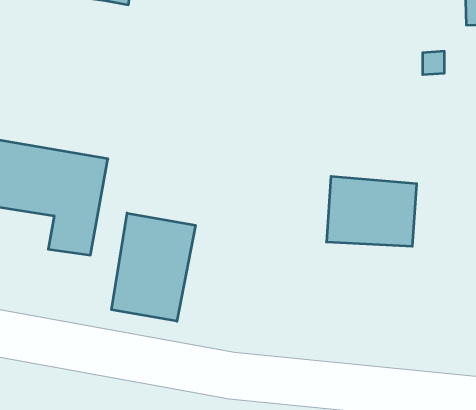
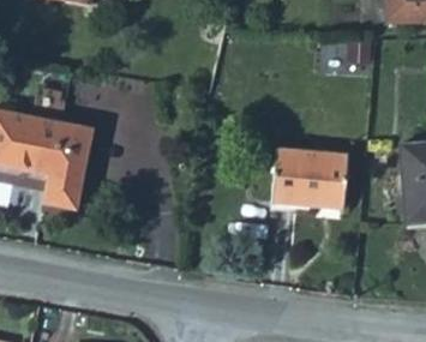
building: [112,213,195,321] -> none

